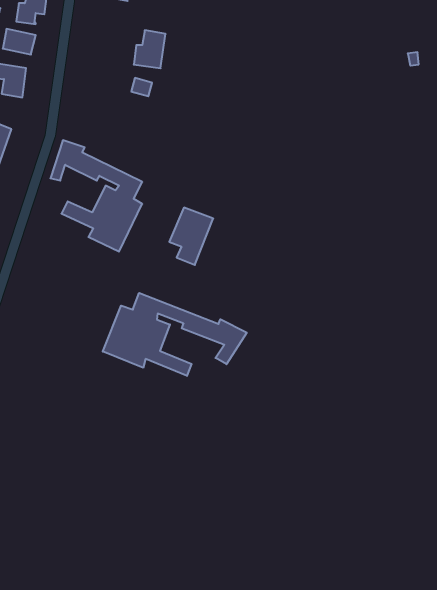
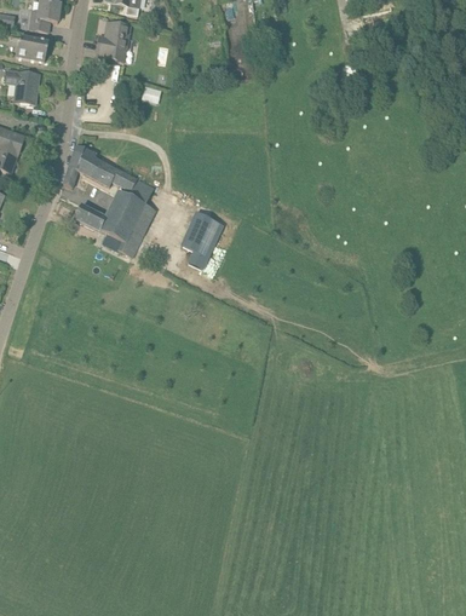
building: [134,30,166,68] -> [97,22,128,59]
building: [103,293,247,376] -> none

